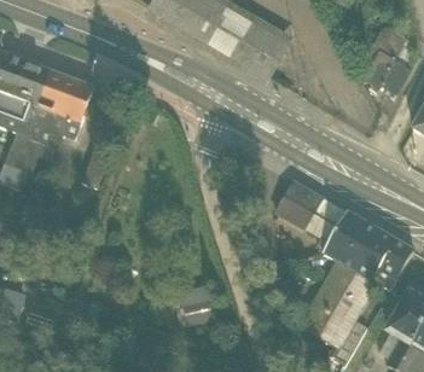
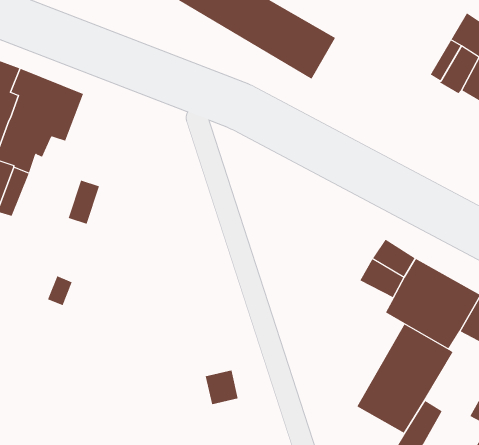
building: [275,181,323,228] -> none

